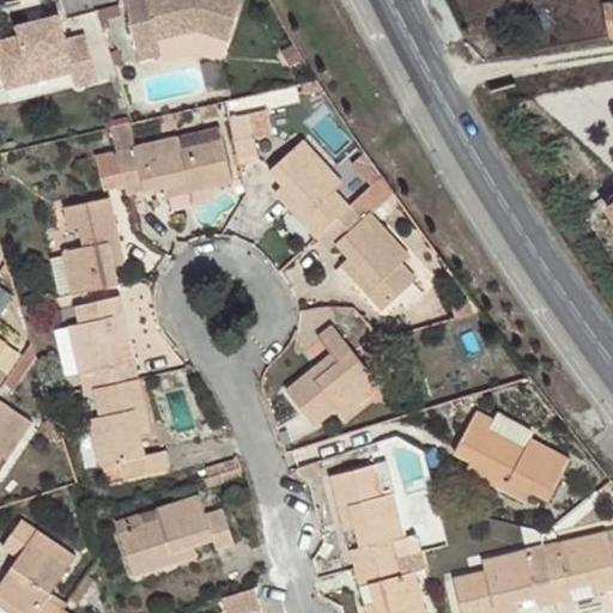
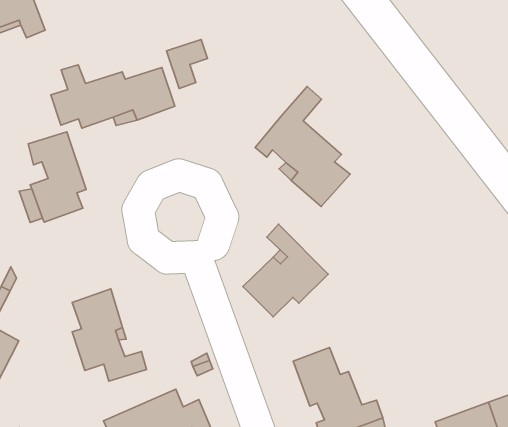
building: [269,139,347,237] -> none
building: [69,295,139,387] -> none
building: [454,411,569,499] -> none

